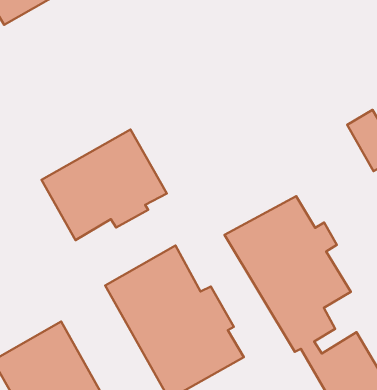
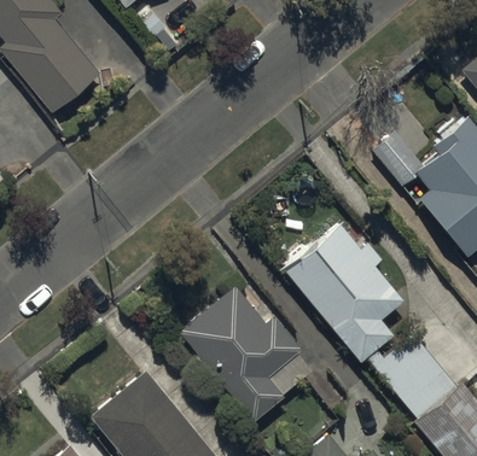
building: [42,129,167,240] -> none

